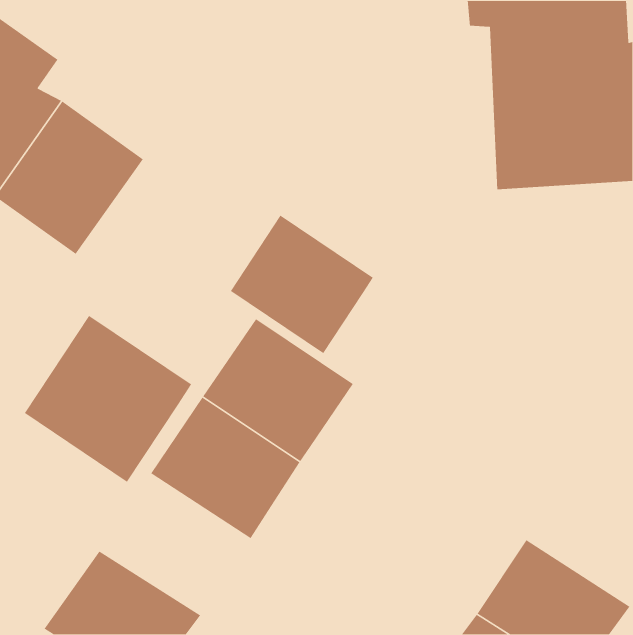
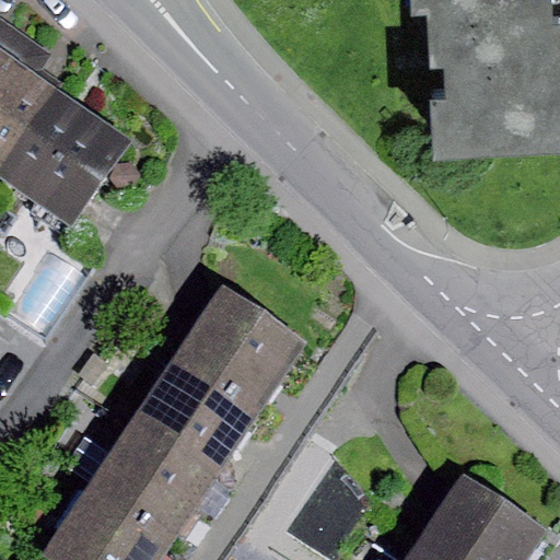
building: [230,215,374,354] -> none
building: [24,315,192,483] -> none
building: none -> [88,417,221,541]

